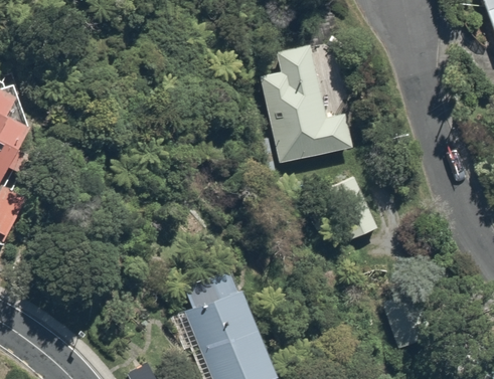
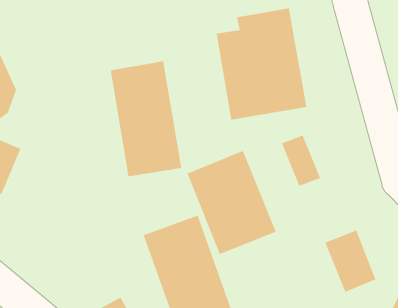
building: none -> [110,60,182,177]
building: none -> [187,150,276,255]

